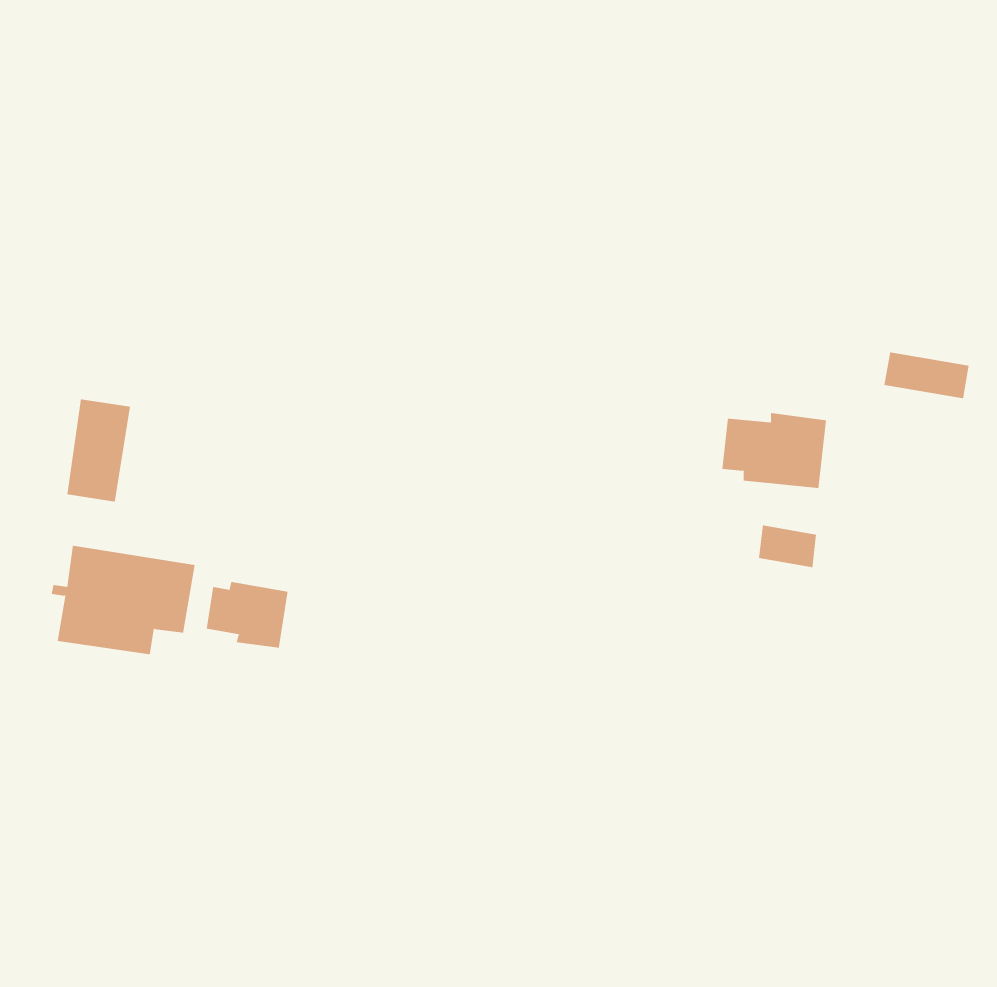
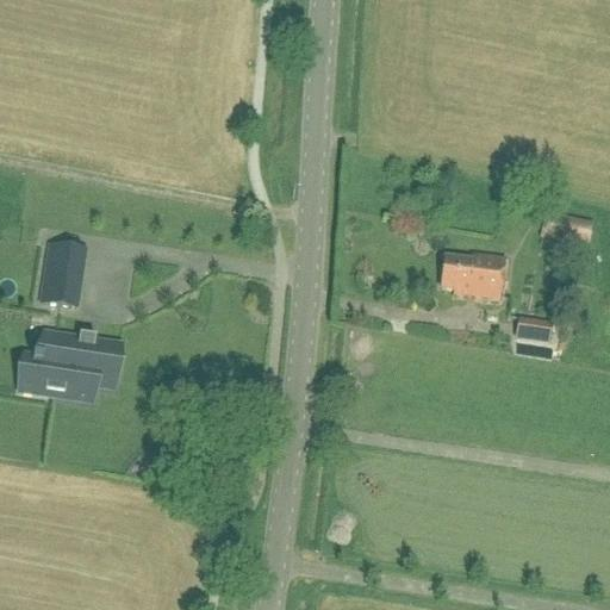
building: [758,525,817,568] -> [515,316,550,342]
building: [206,581,288,649] -> none

